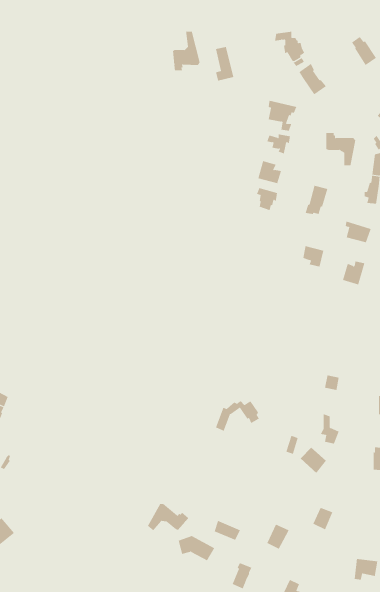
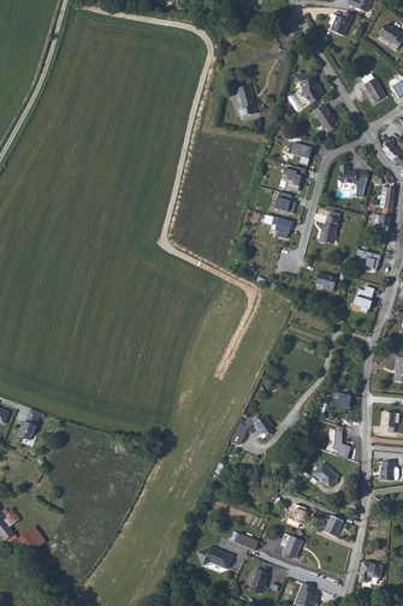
building: [172,31,200,71] -> none
building: [147,503,189,531] -> none

